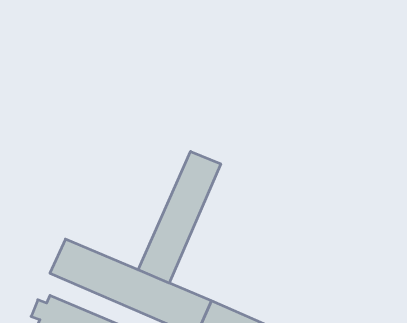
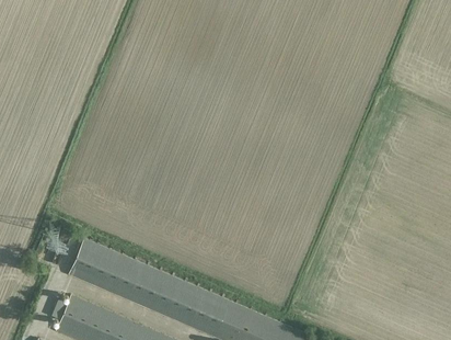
building: [138,151,221,283] -> none

